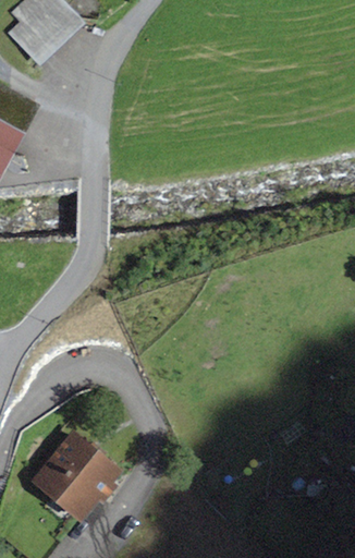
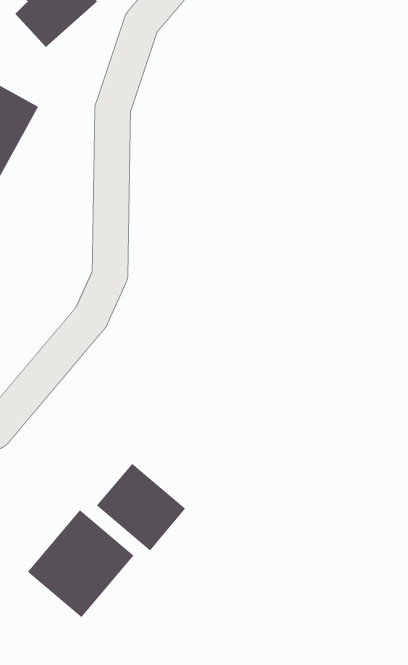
building: none -> [96,463,186,551]

